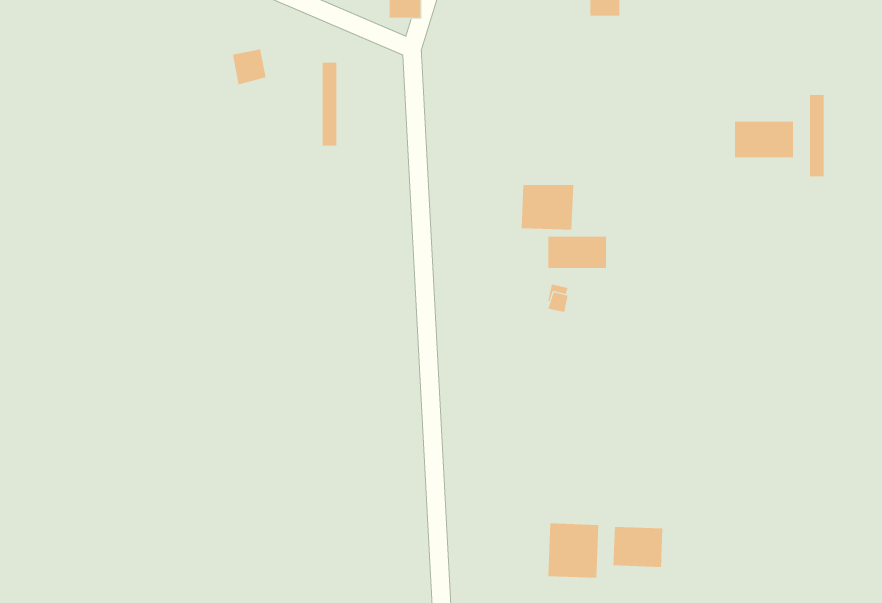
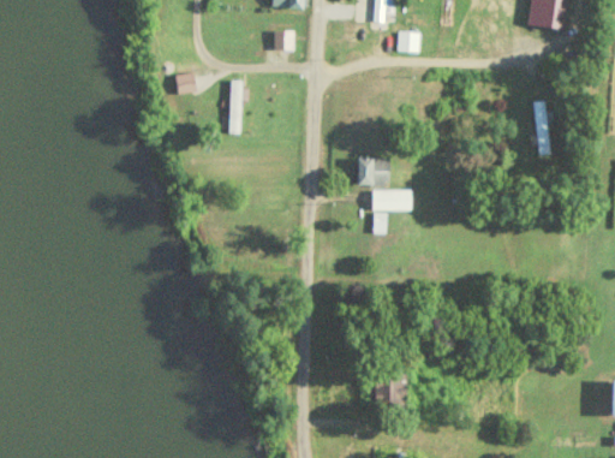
building: [734,121,794,158] -> none
building: [613,526,663,568] -> none

